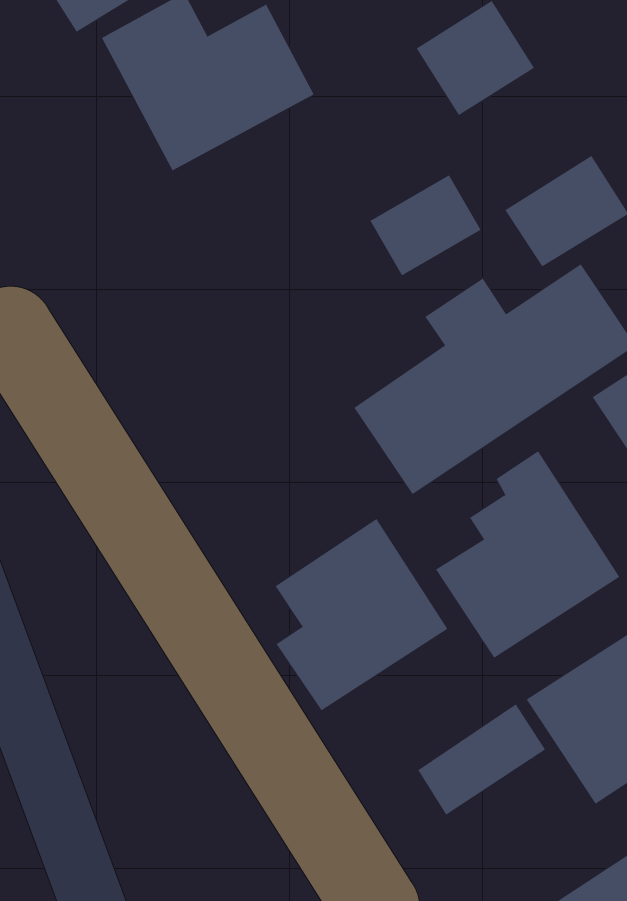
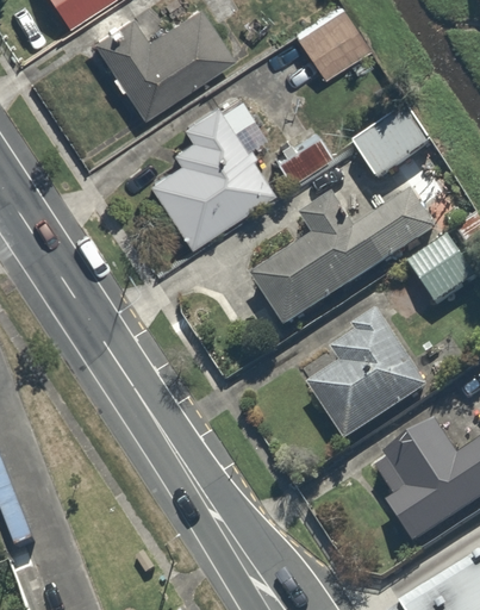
building: none -> [147,102,274,245]
building: [275,518,448,711] -> none
building: [417,704,546,816] -> none

